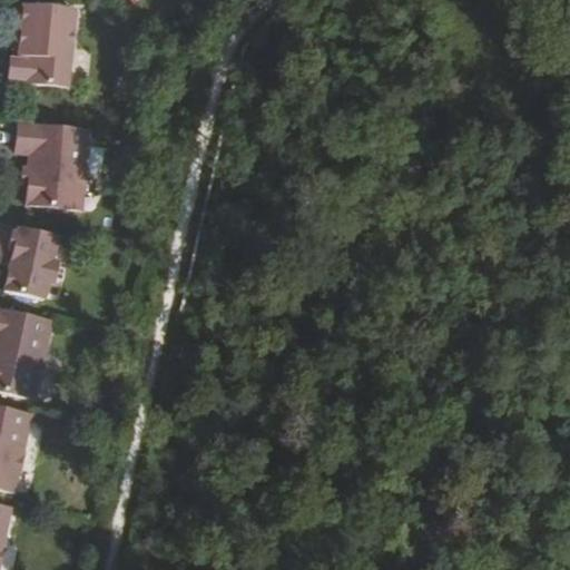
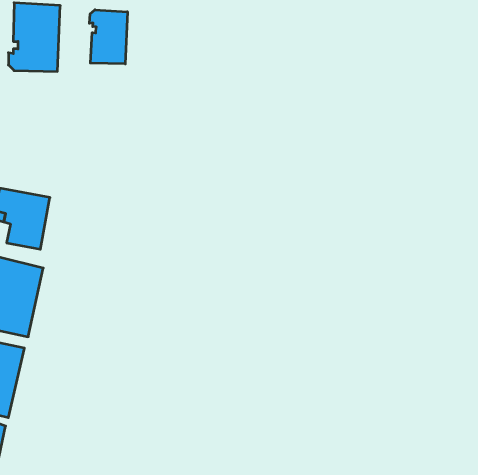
building: none -> [89,10,127,64]
building: [20,122,92,212] -> none

